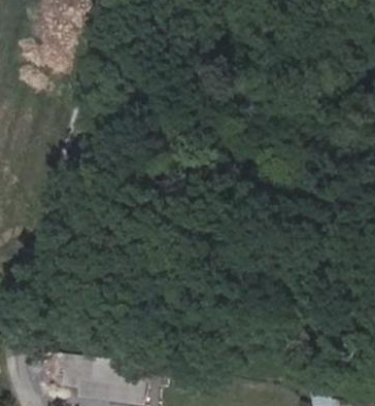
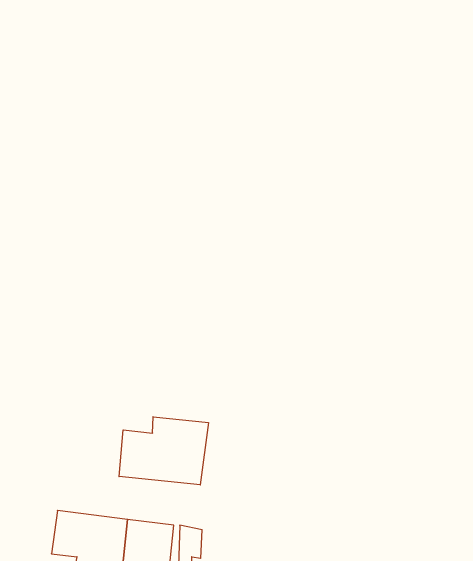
building: none -> [119,417,208,485]

